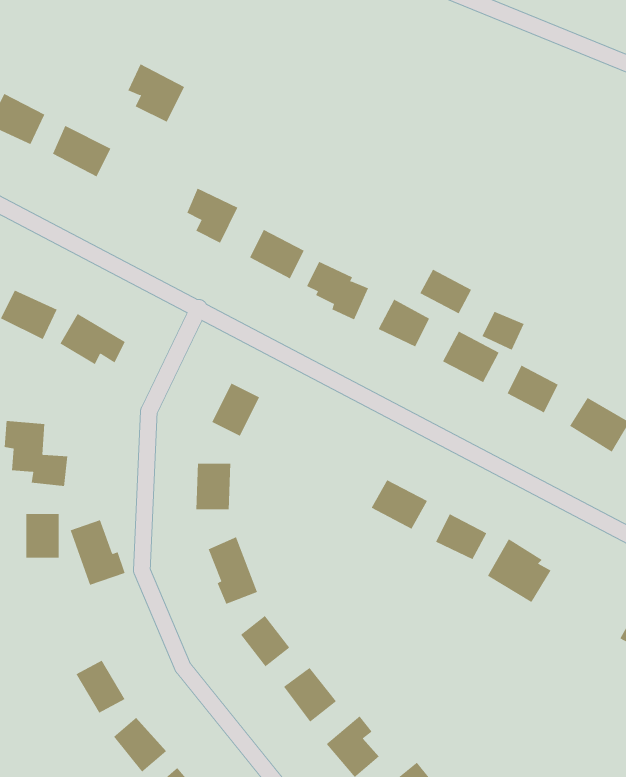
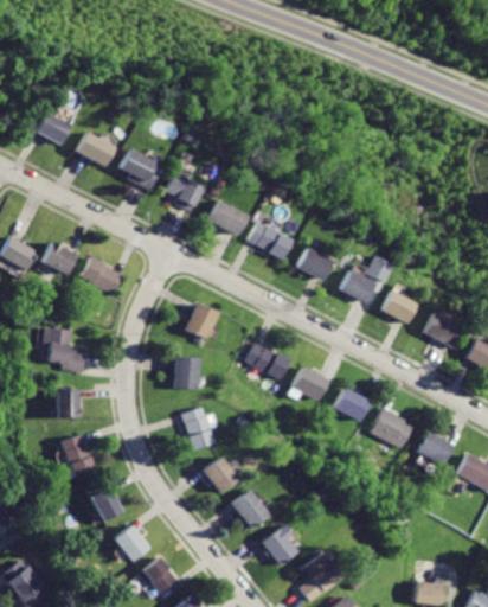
building: [128,64,185,123] -> [124,151,162,190]
building: [420,269,472,314] -> none
building: none -> [244,343,287,378]
building: [70,519,125,586] -> [66,435,103,479]
building: none -> [416,433,450,464]

